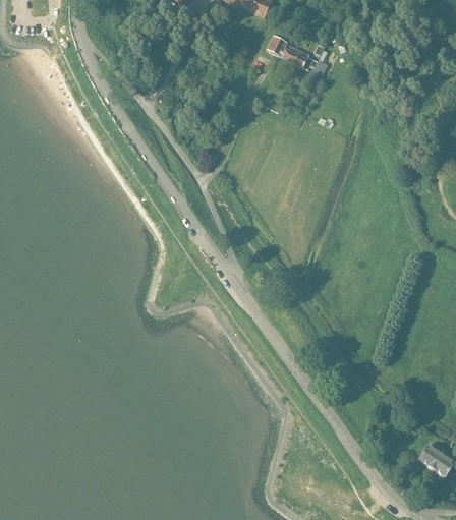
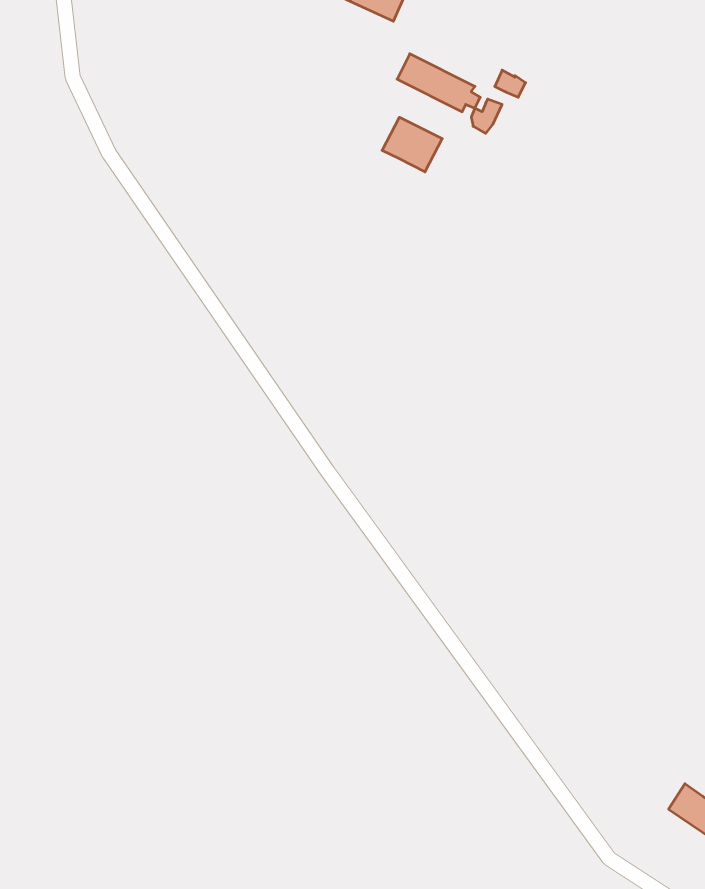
building: none -> [382,117,442,172]

